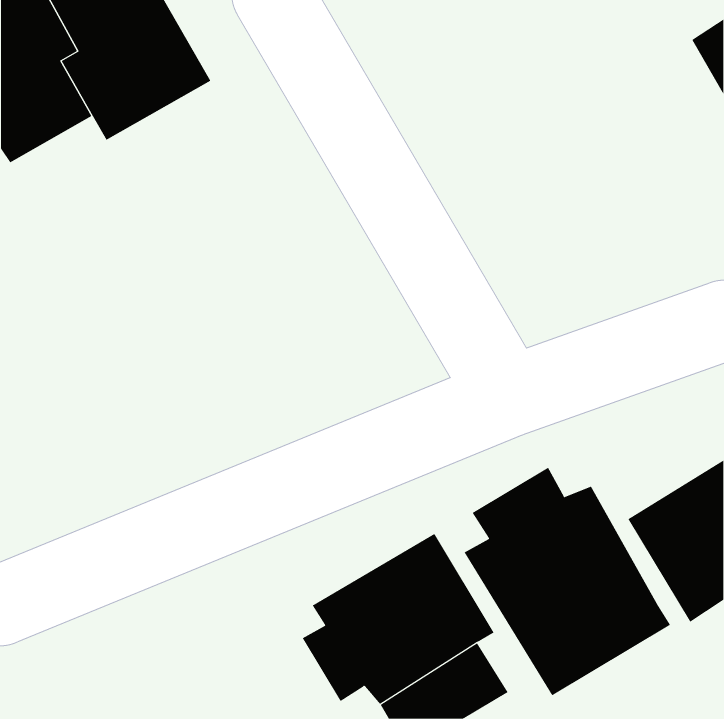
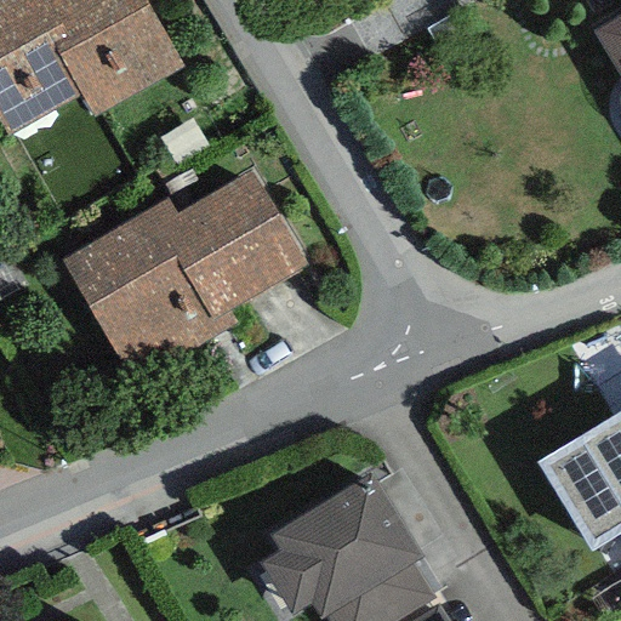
building: none -> [63,176,303,384]
building: [464,467,671,696] -> none

